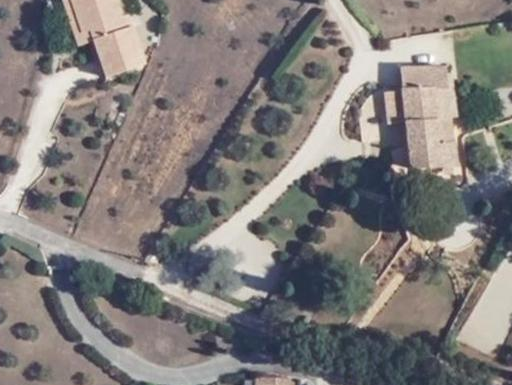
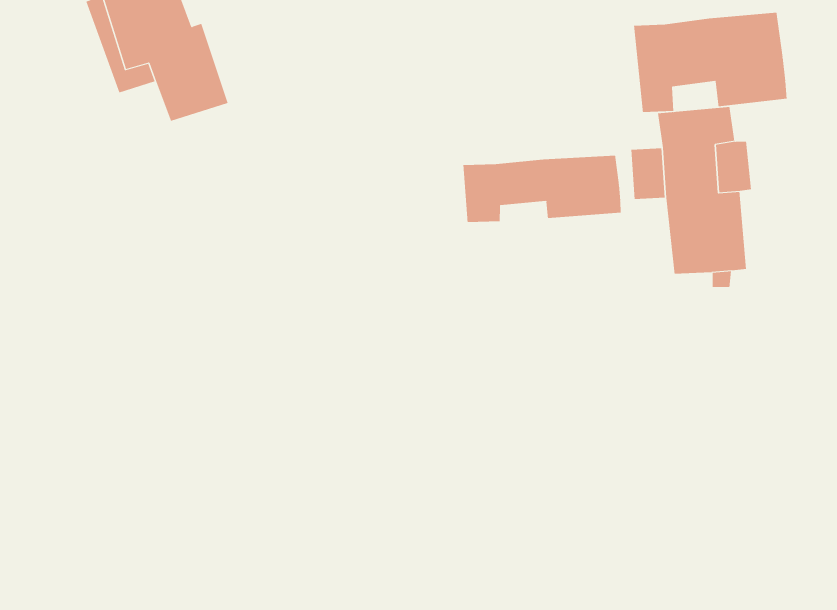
building: none -> [633,12,787,113]
building: none -> [463,155,621,223]

